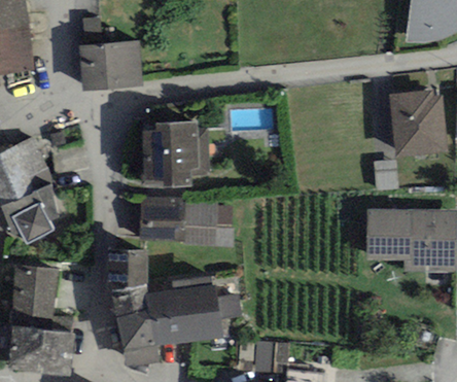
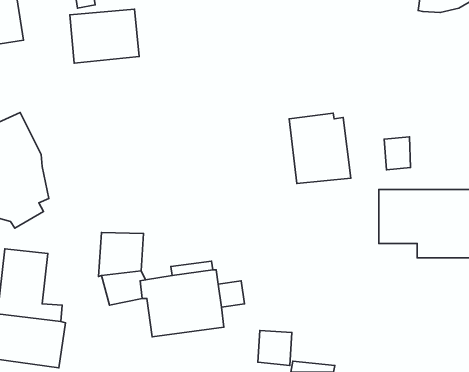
building: [389,91,447,157] -> [289,113,351,184]
building: [141,119,209,187] -> none
building: [140,198,234,246] -> none
building: [115,311,157,367] -> none

